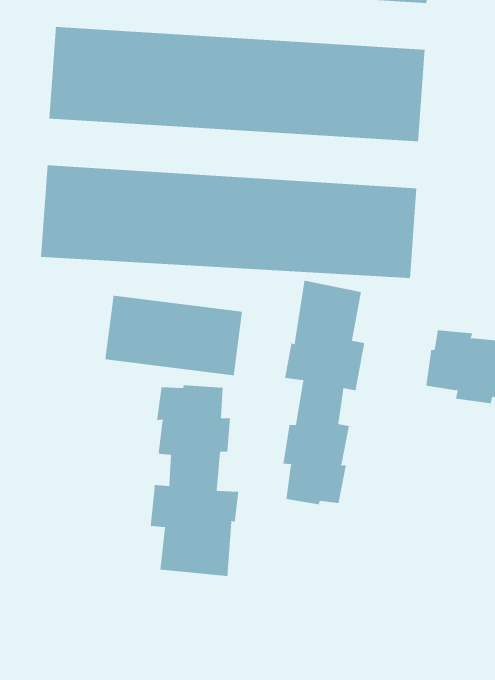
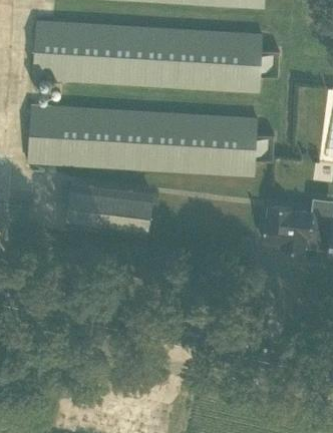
building: [283,280,365,505] -> none
building: [150,384,239,577] -> none

